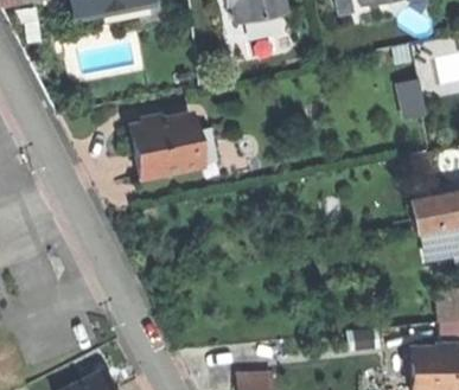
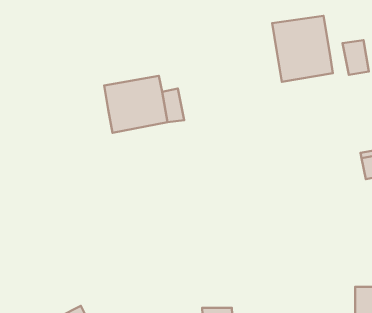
building: none -> [272,16,333,82]

